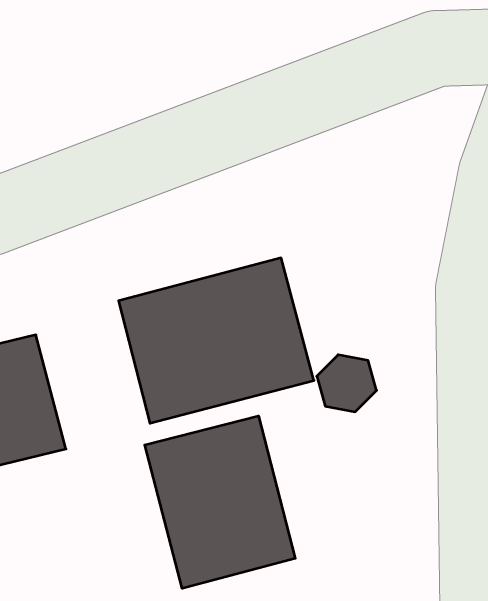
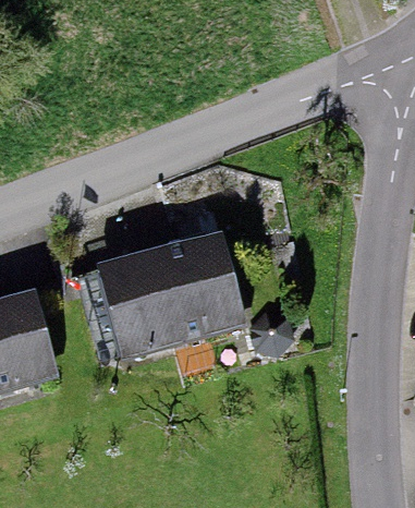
building: [145,416,295,588] -> none

